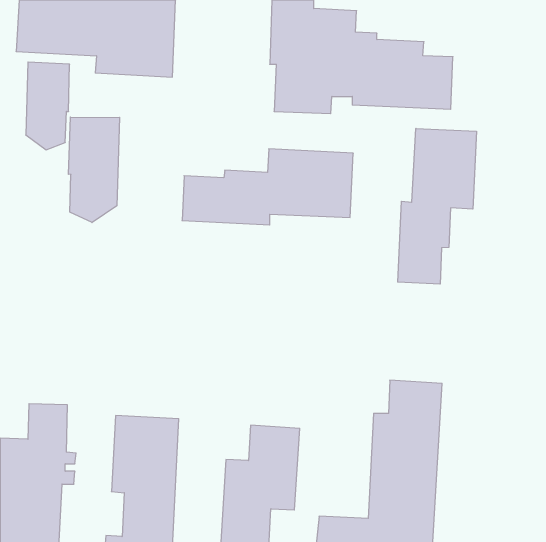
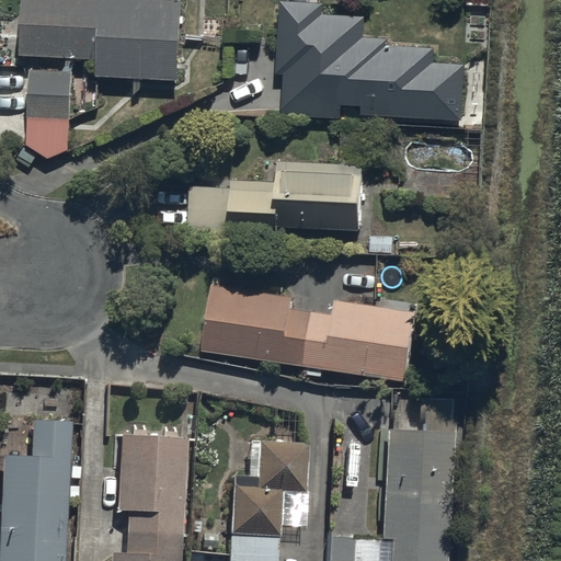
building: [68,117,120,223] -> none
building: [398,128,476,284] -> none
building: none -> [199,284,415,382]

